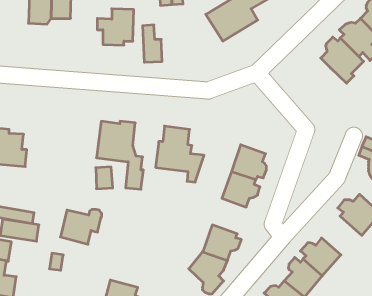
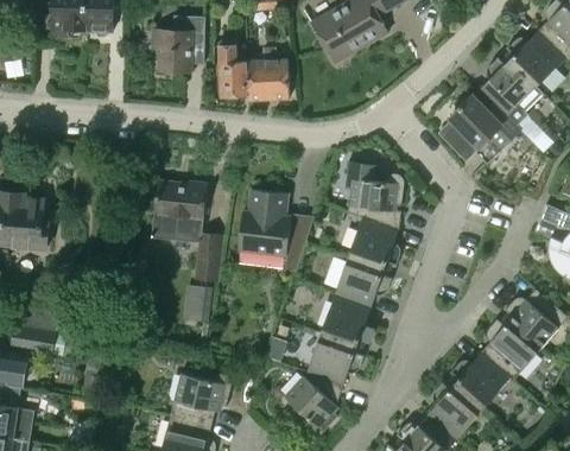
building: none -> [245,47,287,100]
building: none -> [442,95,520,164]
building: none -> [346,161,404,229]
building: [96,167,113,189] -> [183,286,208,318]
building: none -> [319,294,373,347]
building: [60,209,102,244] -> [170,374,230,425]
building: none -> [480,319,539,380]

